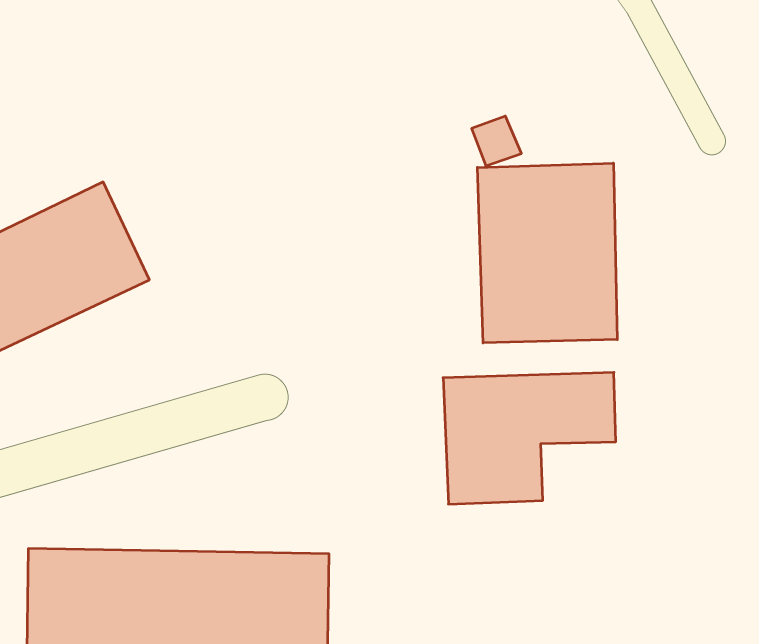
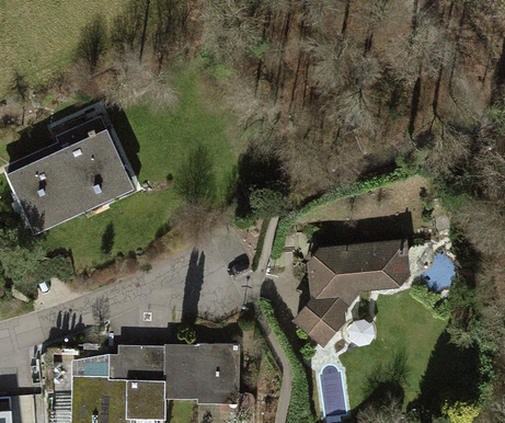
building: [477,163,617,343] -> none

